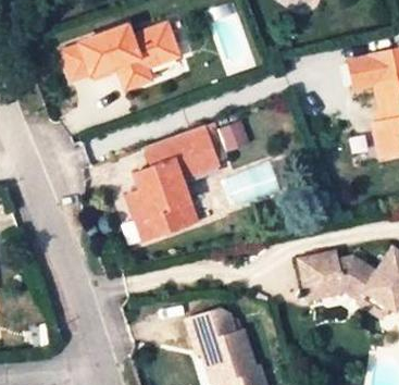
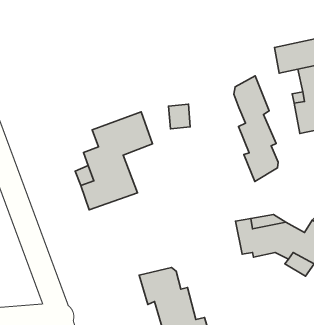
building: [71,21,188,92] -> none
building: none -> [234,76,278,181]

